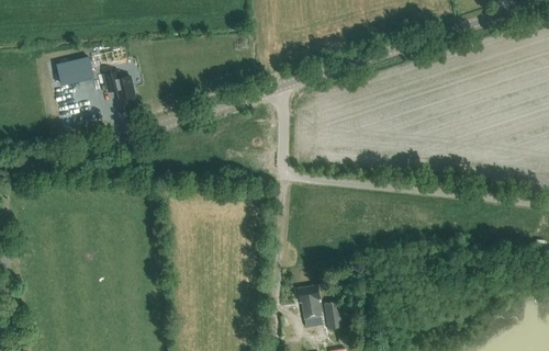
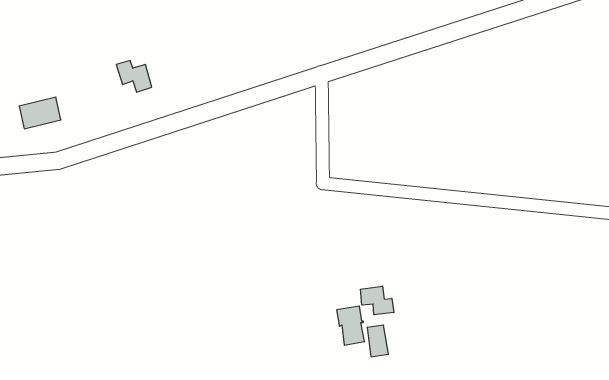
building: [56,56,92,83] -> [19,97,61,129]
building: none -> [360,286,394,315]

